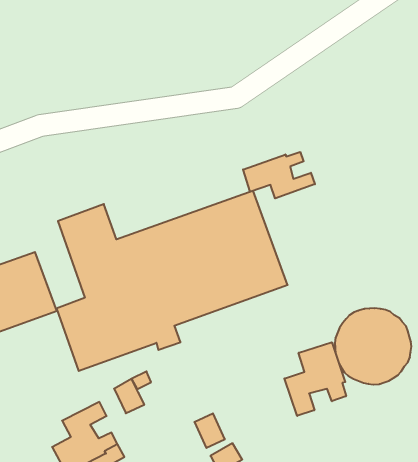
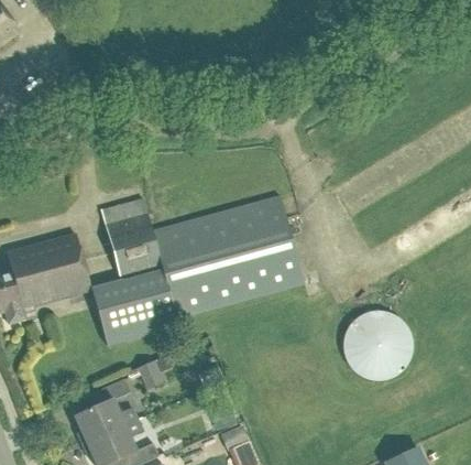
building: [243,152,315,198] -> none
building: [284,342,346,416] -> none

